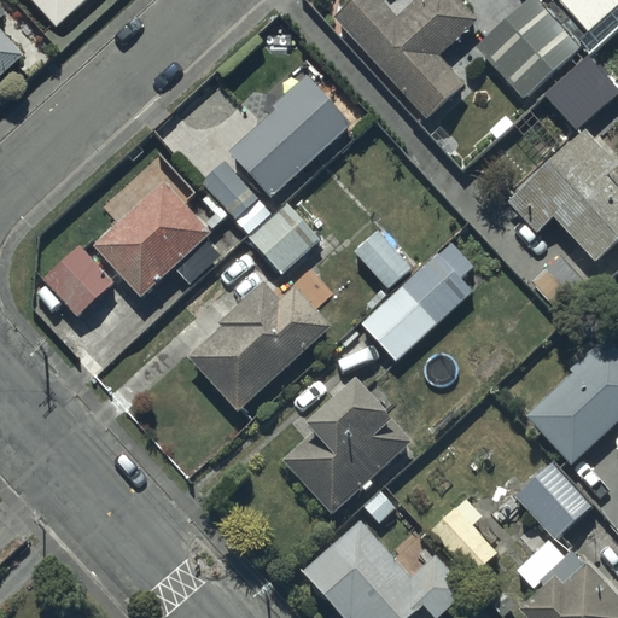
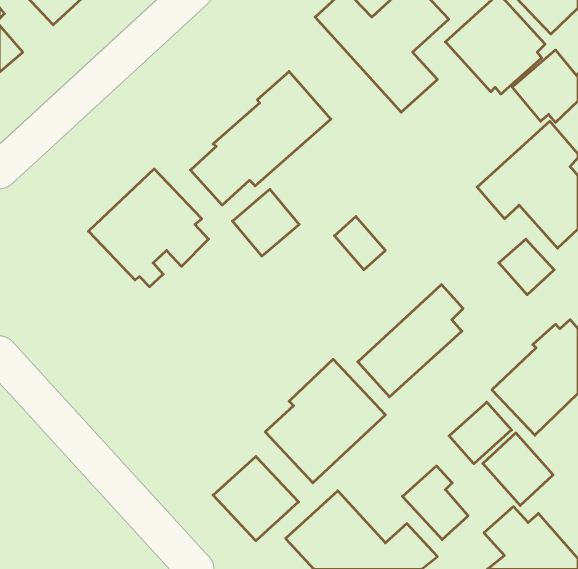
building: [362,240,474,360] -> [358,285,463,397]
building: [43,244,116,316] -> none
building: [190,284,332,413] -> none
building: none -> [449,402,512,464]
building: none -> [213,456,299,541]

